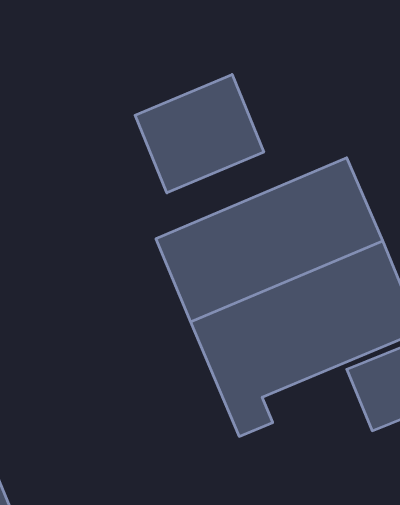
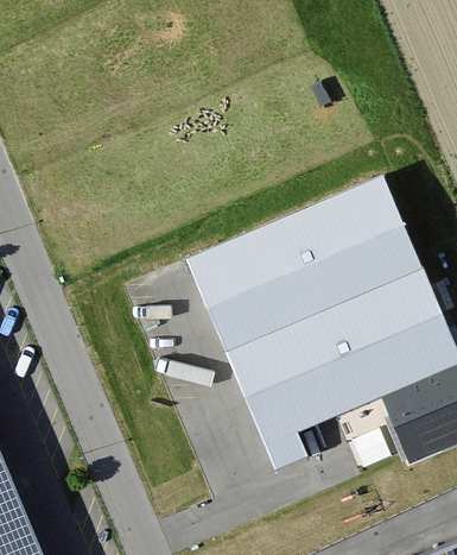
building: [135,74,264,193] -> none

